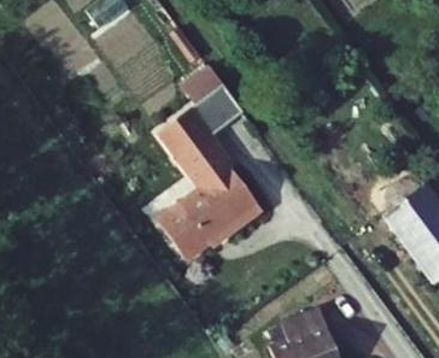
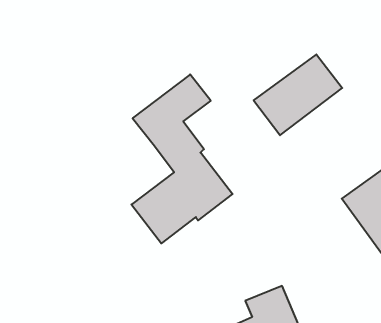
building: none -> [254,54,342,135]

